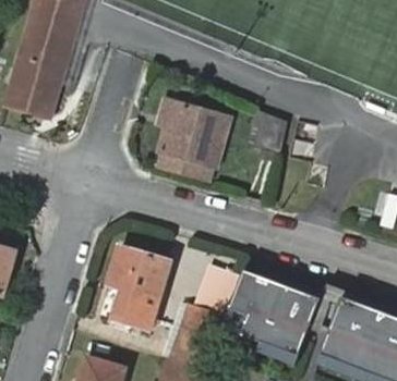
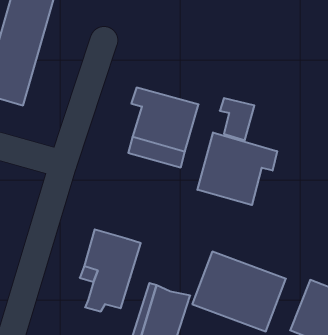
building: none -> [197,132,277,205]
building: [198,267,239,315] -> none

